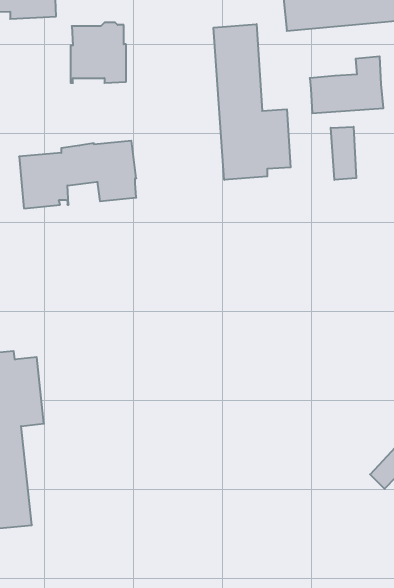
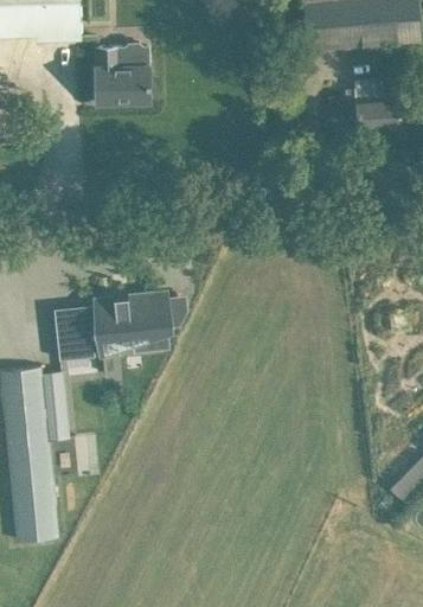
building: [214,24,291,180] -> none
building: [331,127,356,180] -> none
building: [19,141,136,208] -> [55,293,169,359]

